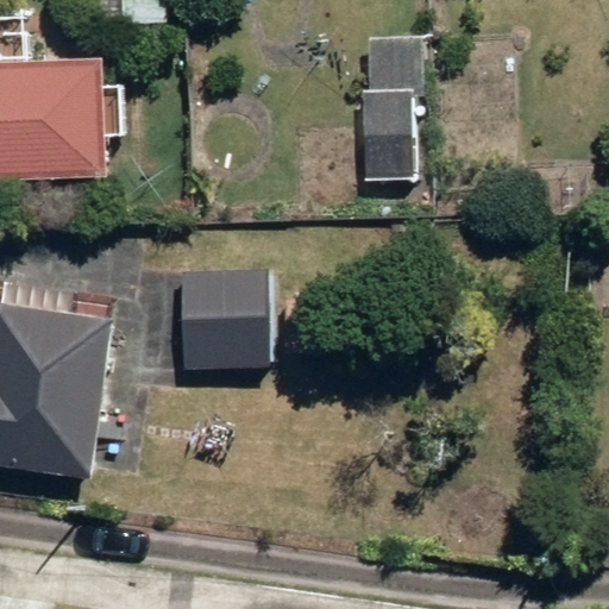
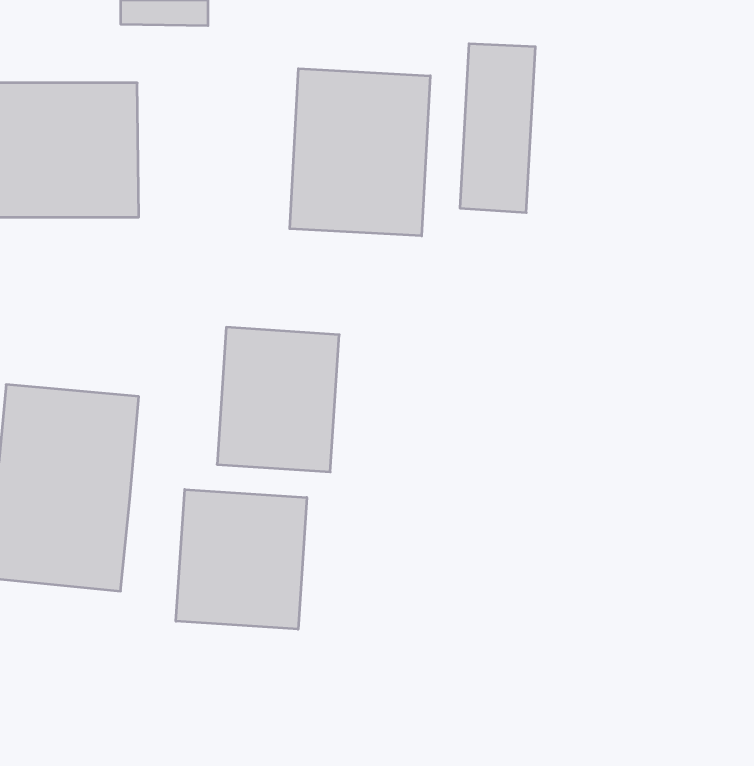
building: none -> [290,69,430,236]
building: none -> [176,489,307,629]

